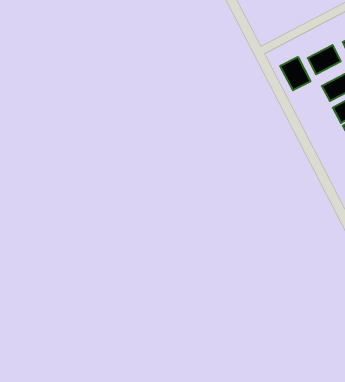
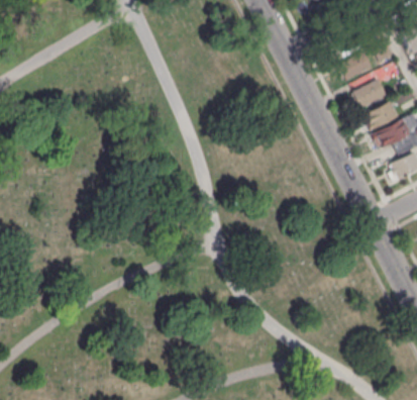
building: [280,57,310,90] -> none

